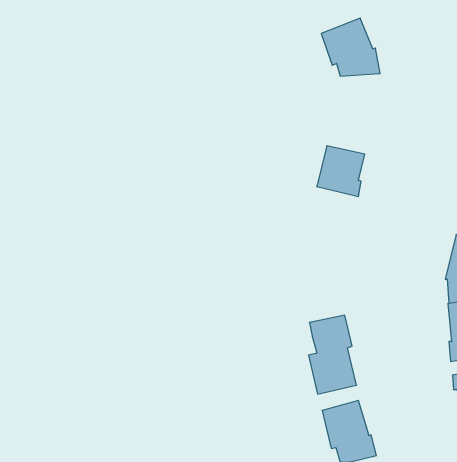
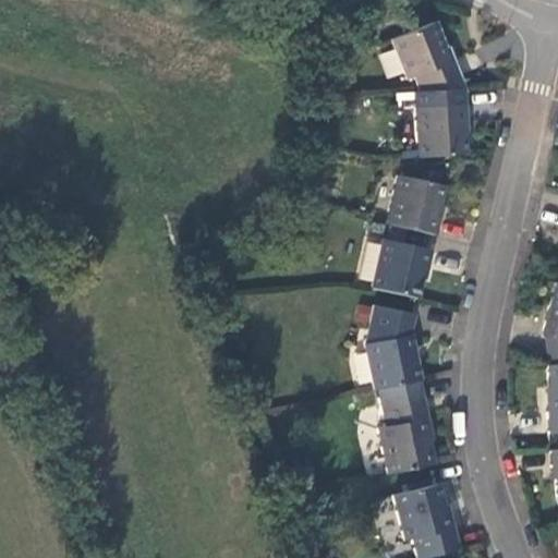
building: none -> [410,88,469,157]
building: none -> [373,240,435,299]
building: none -> [367,305,422,389]

